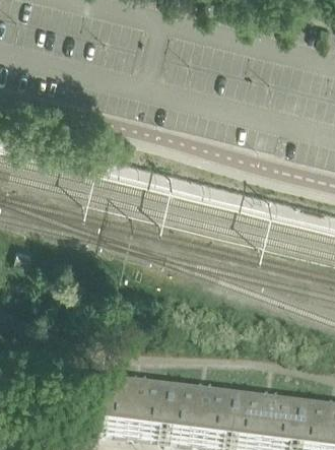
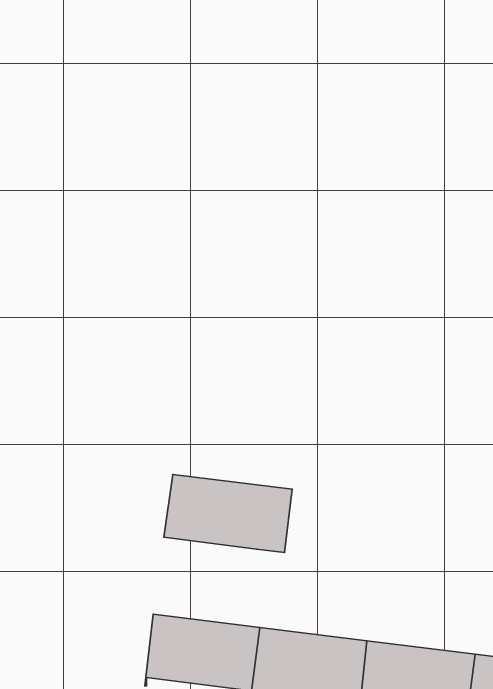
building: none -> [164,474,292,552]

